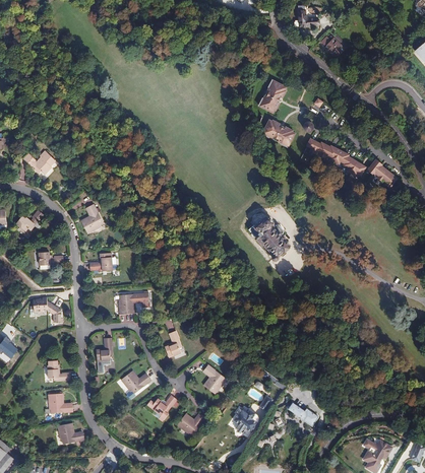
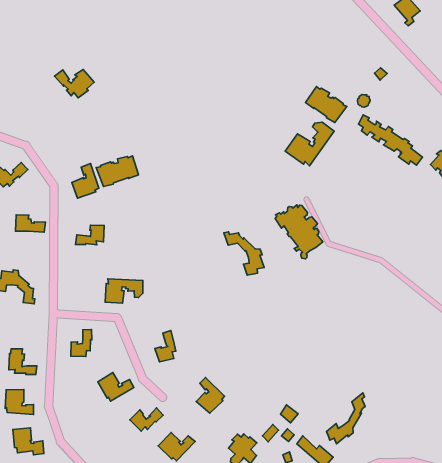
building: [258,79,286,113] -> none
building: none -> [285,122,334,166]
building: [22,150,55,174] -> [55,70,94,98]
building: none -> [96,156,138,187]
building: none -> [224,232,264,275]
building: none -> [326,393,365,444]

